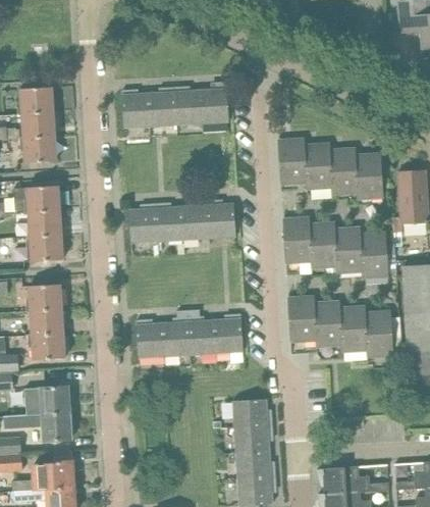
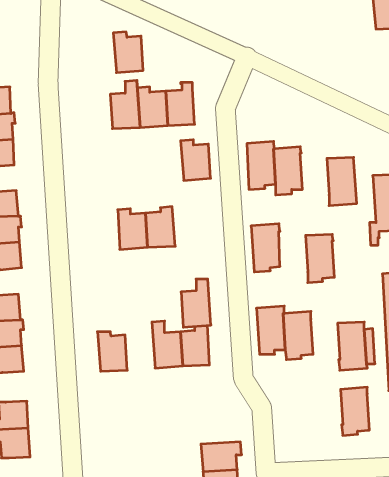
building: [121,90,150,129] -> [113,32,143,73]
building: [329,149,357,195] -> none
building: [207,200,235,239] -> [181,140,211,180]
building: [129,204,157,243] -> none
building: [309,222,336,268] -> none
building: [360,233,388,278] -> none
building: [339,306,367,352] -> [341,387,369,435]
building: [162,311,191,357] -> [181,279,211,327]
building: [233,399,272,427] -> none

